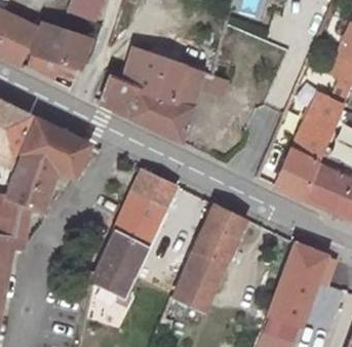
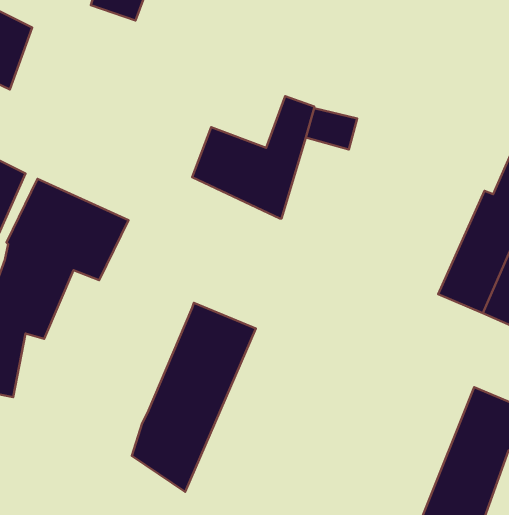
building: [28,23,90,76] -> none
building: [100,51,185,117] -> none
building: [123,168,178,207] -> none
building: [177,203,247,312] -> none

